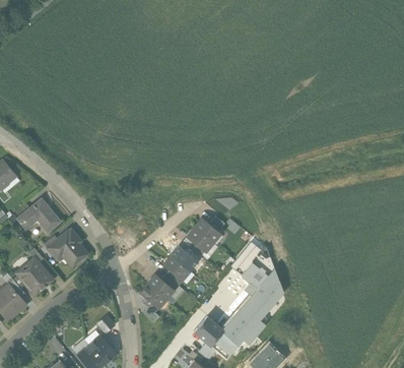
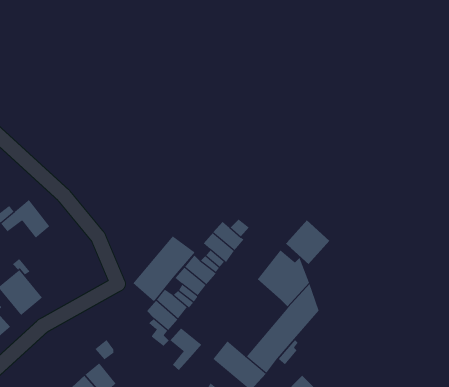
building: none -> [285,220,330,265]
building: none -> [132,235,195,302]
building: [48,233,87,266] -> none
building: none -> [170,327,202,371]

